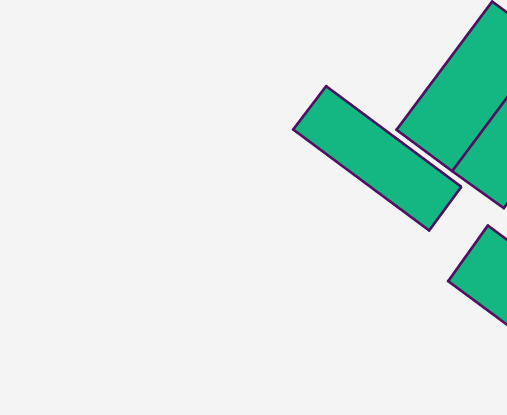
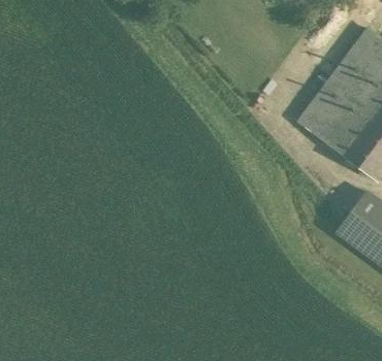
building: [293,86,461,230] -> none

